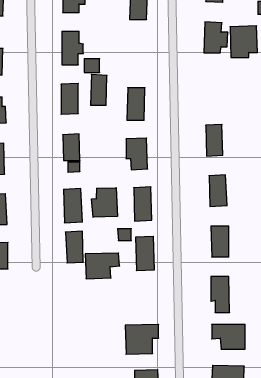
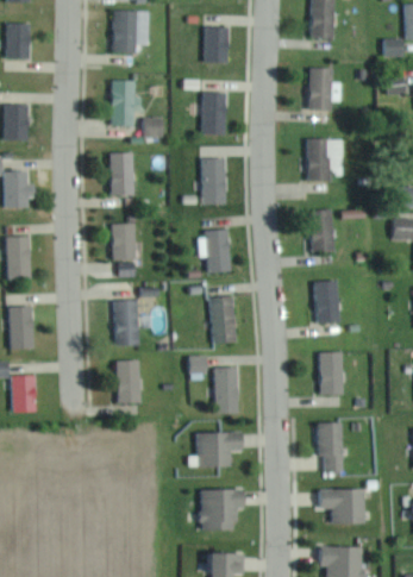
building: [230,26,257,57] -> [306,139,344,183]
building: [91,74,107,105] -> [204,93,226,136]
building: [92,188,117,217] -> none
building: [85,253,120,279] -> [196,432,244,468]

